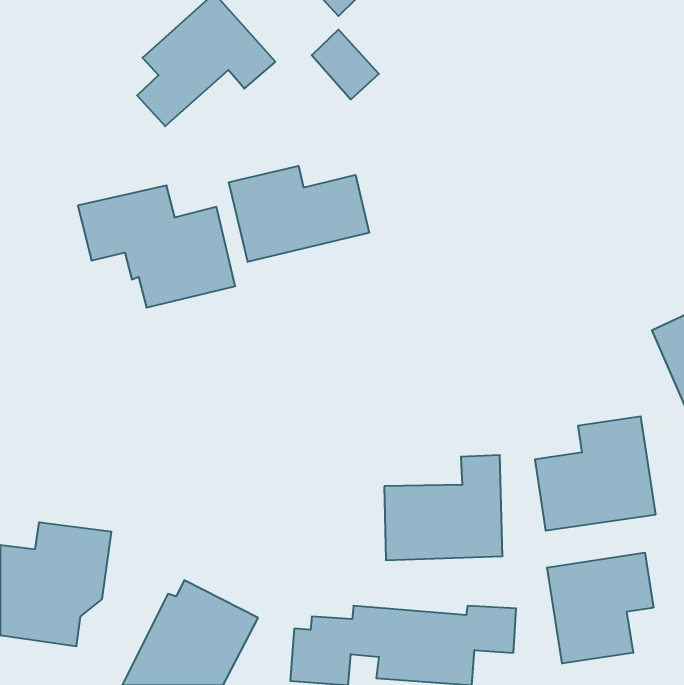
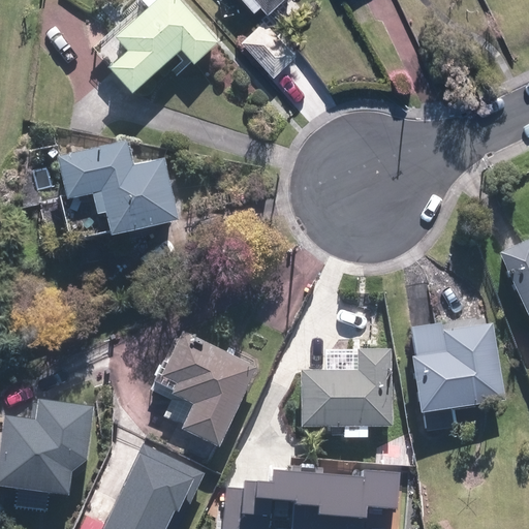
building: [229,166,369,262] -> none
building: none -> [158,335,252,448]
building: [547,553,653,664] -> none

